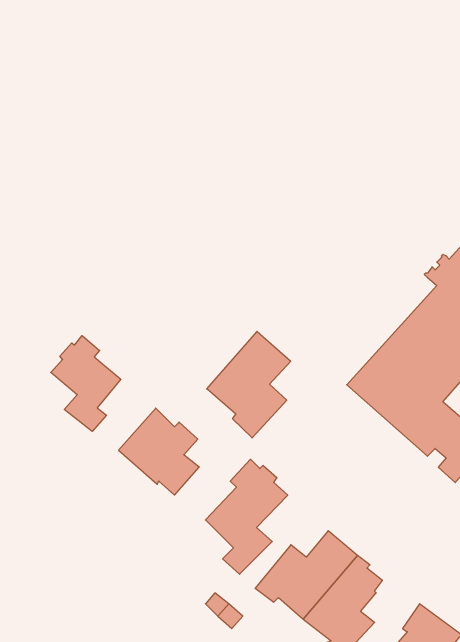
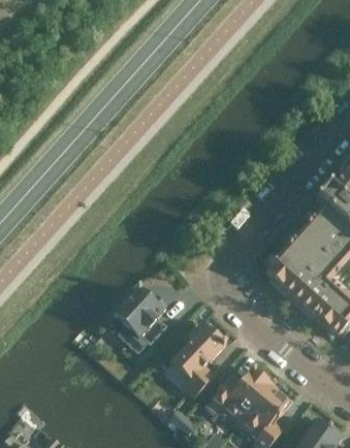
building: [207,331,291,438] -> none
building: [51,336,121,431] -> none

